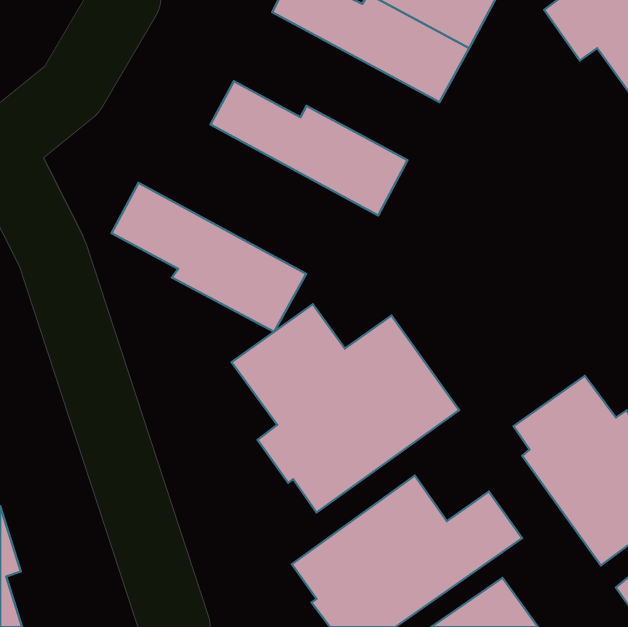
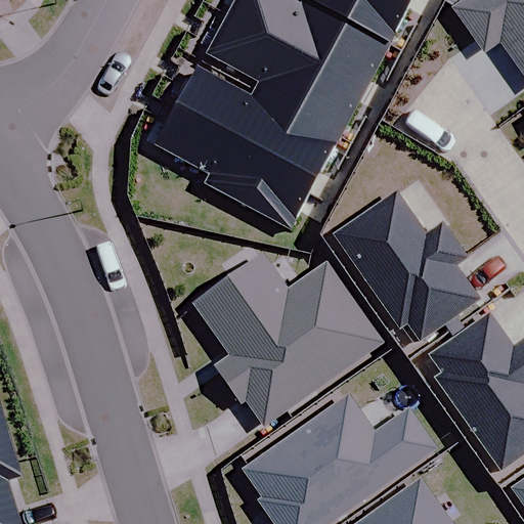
building: none -> [205,10,366,133]
building: [112,183,306,332] -> [154,103,315,227]
building: none -> [332,188,477,340]

